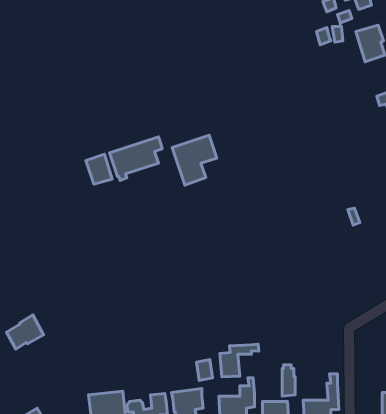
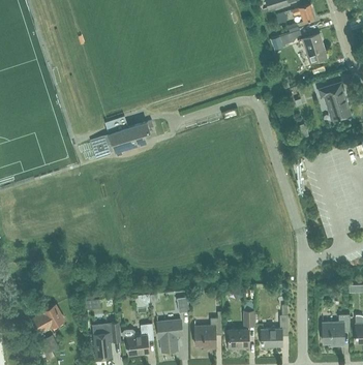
building: [172,135,217,185] -> none
building: [7,315,43,349] -> [34,306,63,333]
building: [220,344,259,377] -> none

